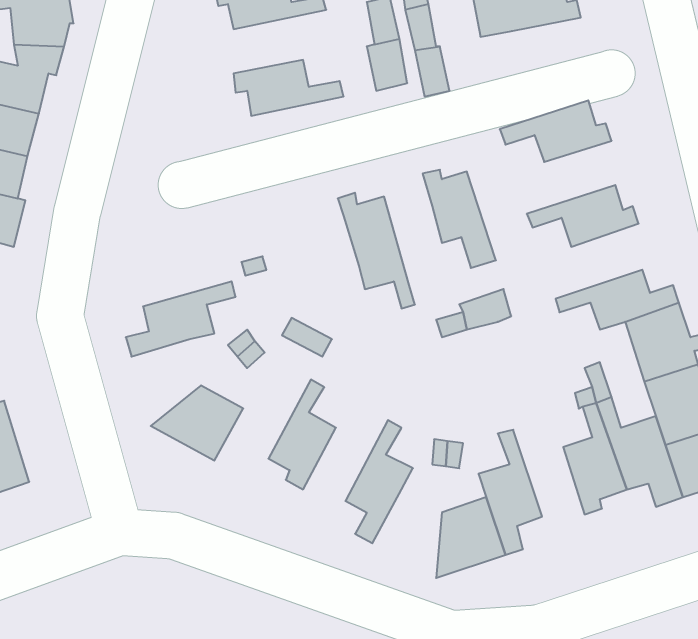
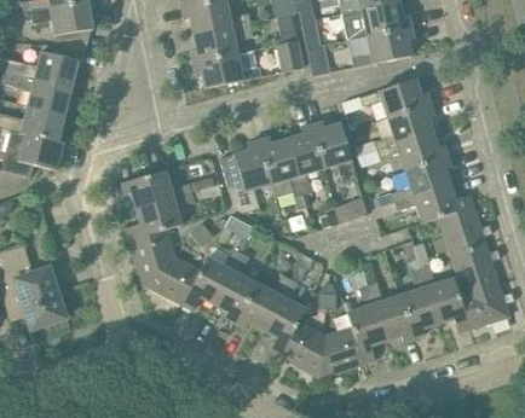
building: none -> [191,22,254,62]
building: none -> [352,27,414,68]
building: none -> [375,104,434,150]
building: none -> [288,124,324,195]
building: none -> [220,140,272,213]
building: none -> [392,156,451,203]
building: none -> [122,170,192,208]
building: none -> [129,228,173,283]
building: none -> [181,249,242,309]
building: none -> [237,274,290,330]
building: none -> [369,281,414,341]
building: none -> [281,323,324,378]

